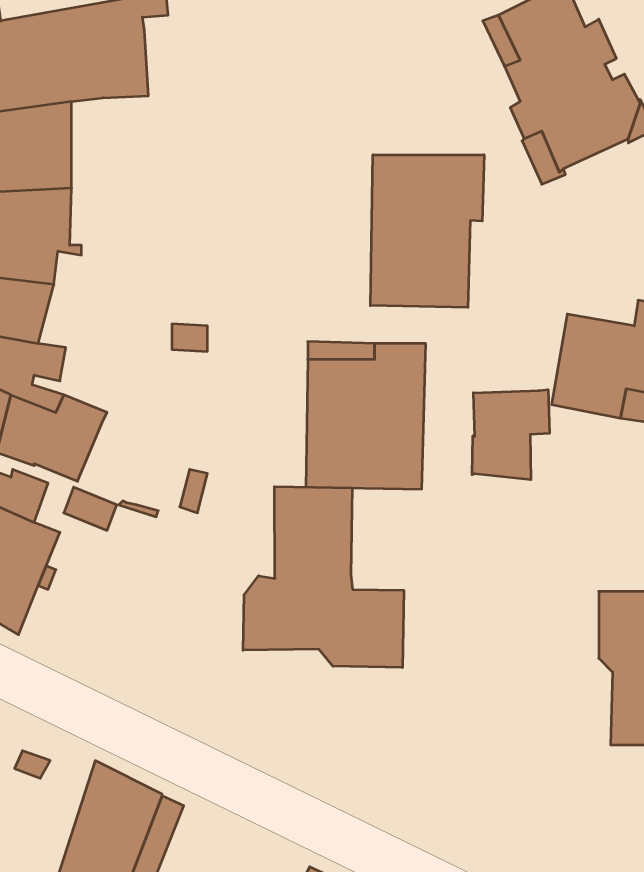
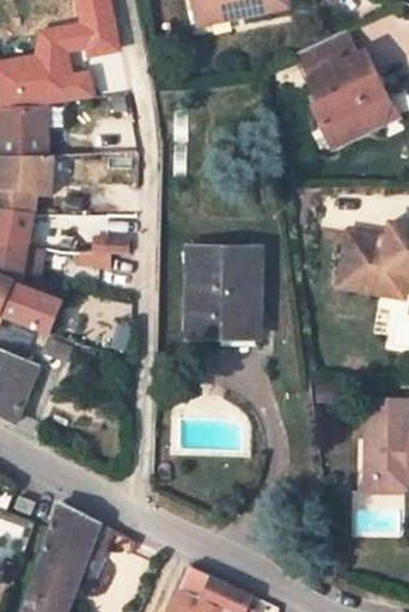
building: [370,155,484,307] -> none
building: [472,390,549,480] -> none
building: [243,487,404,668] -> none

